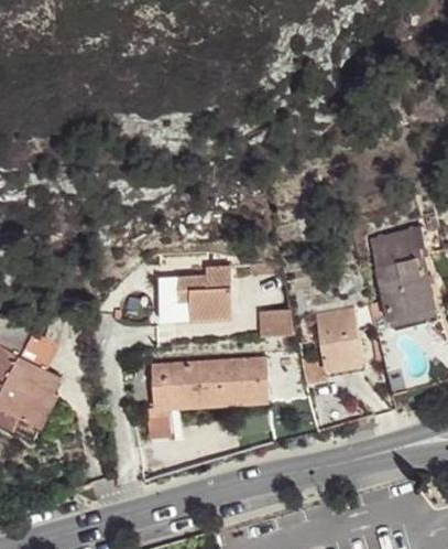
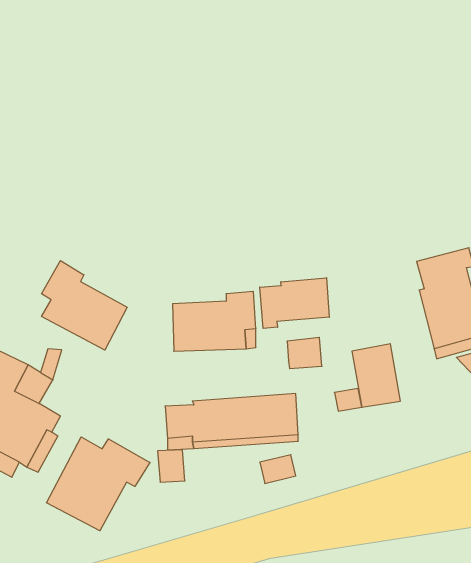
building: none -> [42,261,127,350]
building: none -> [260,278,329,328]
building: none -> [46,437,150,531]

